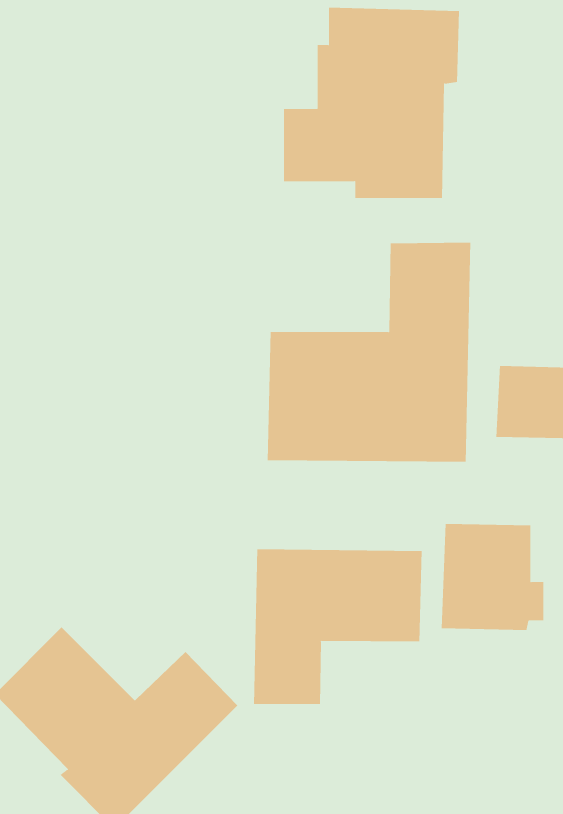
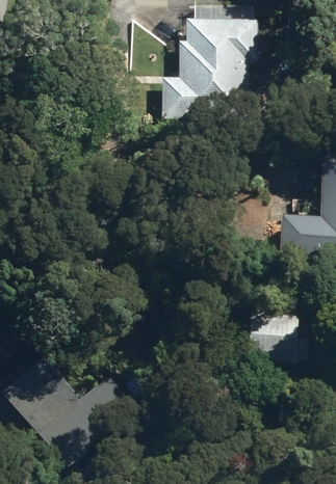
building: [267,242,471,462] -> none
building: [254,549,422,705] -> none

